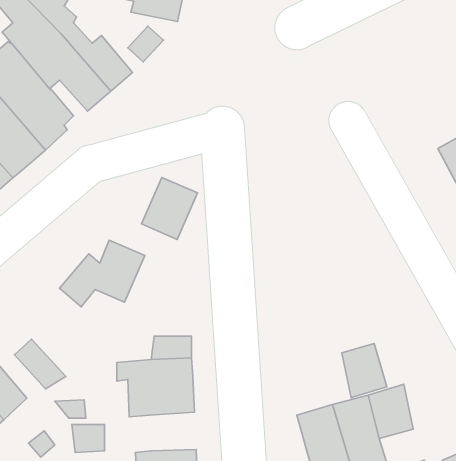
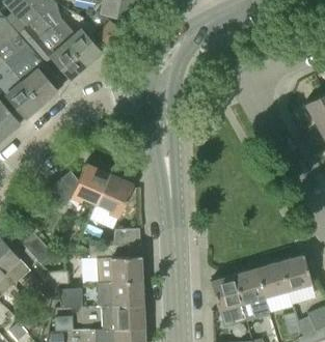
building: [142,177,197,239] -> [94,175,132,217]
building: [342,344,387,398] -> [281,255,312,291]
building: none -> [111,280,142,306]

